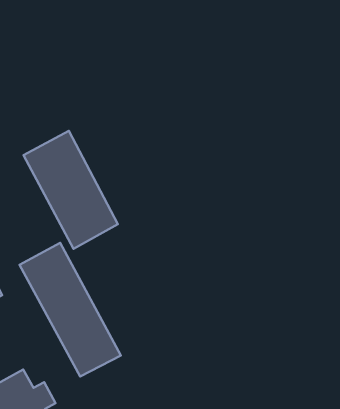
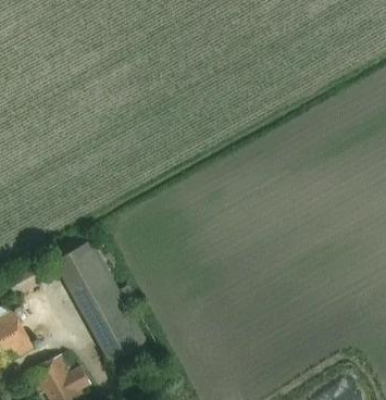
building: [23,131,118,249] -> none

